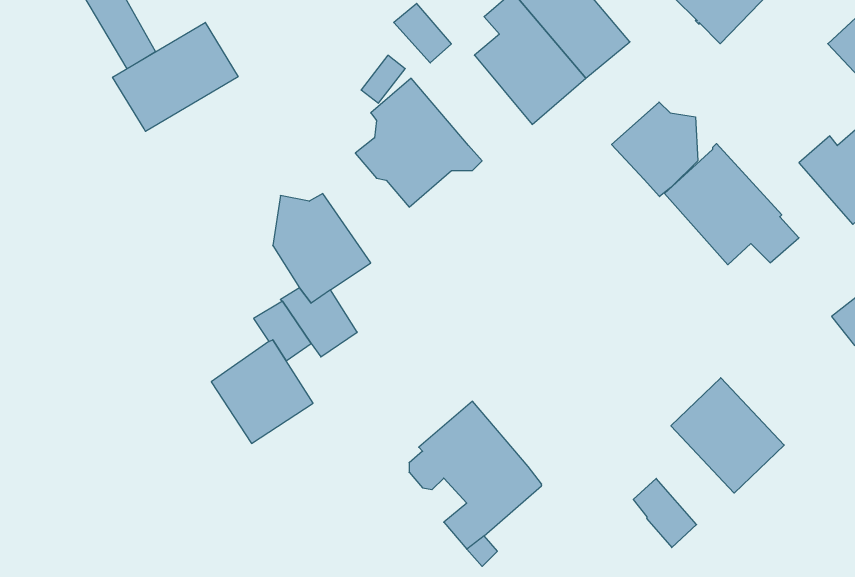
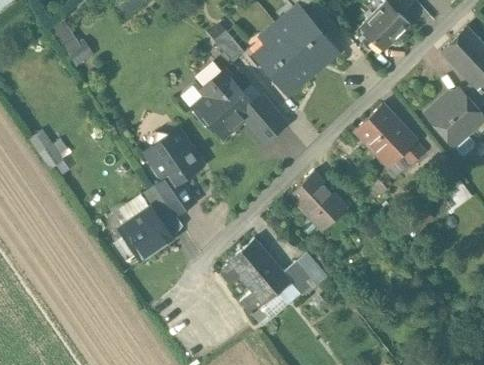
building: [113,22,238,131] -> none
building: [612,102,698,197] -> none
building: none -> [253,97,286,142]
building: none -> [31,128,71,166]
building: [671,378,784,493] -> [288,171,347,231]
building: [633,478,697,548] -> [284,261,317,297]

